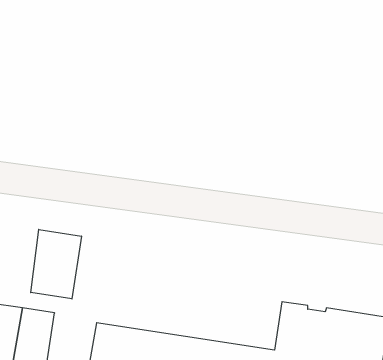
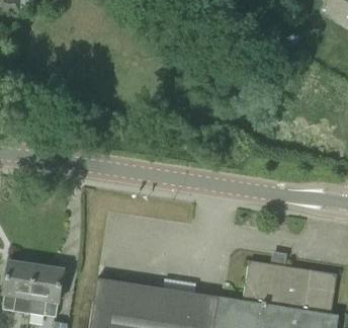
building: [31,229,81,299] -> none

